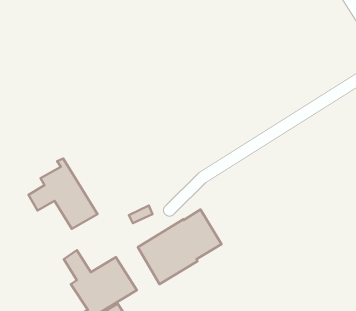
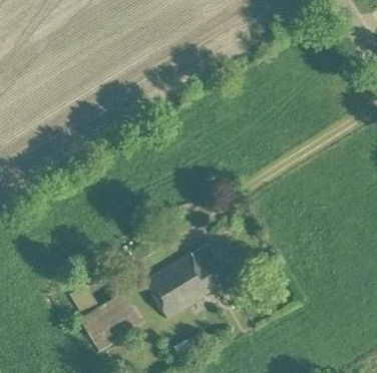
building: [29,158,97,229] -> none

